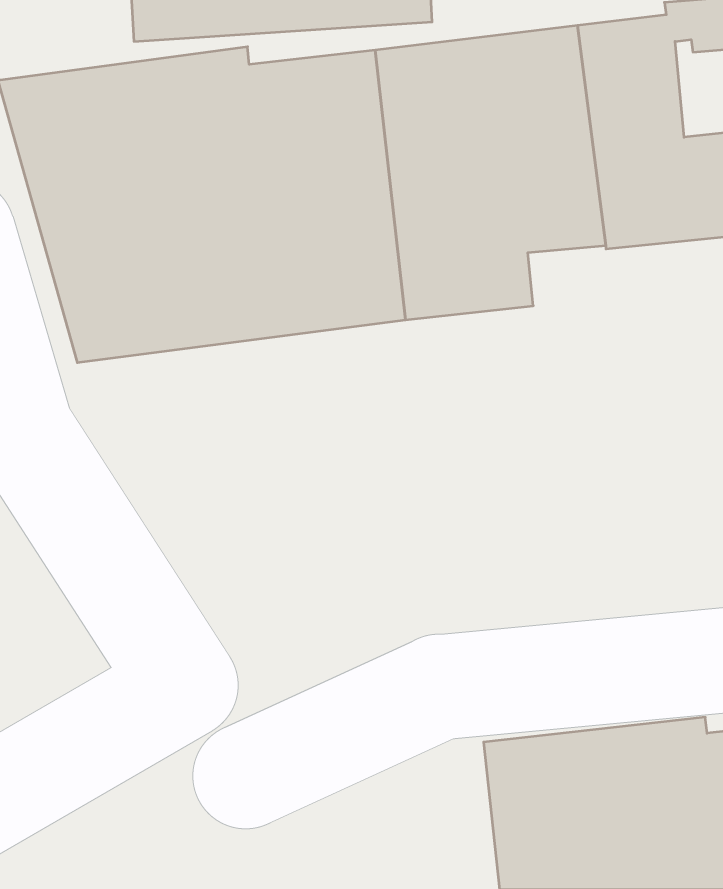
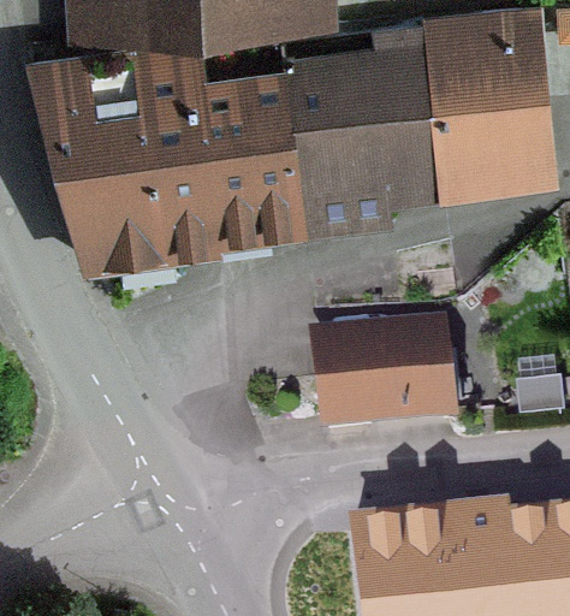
building: none -> [321,345,449,431]

